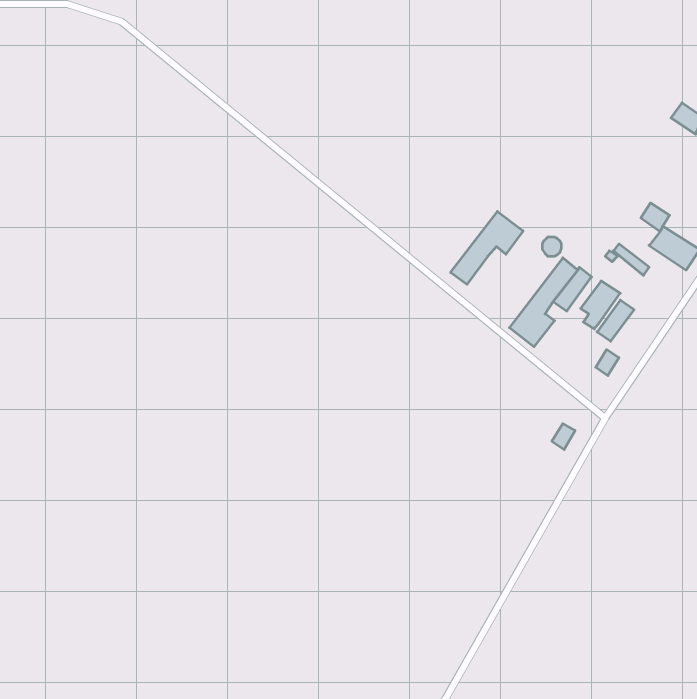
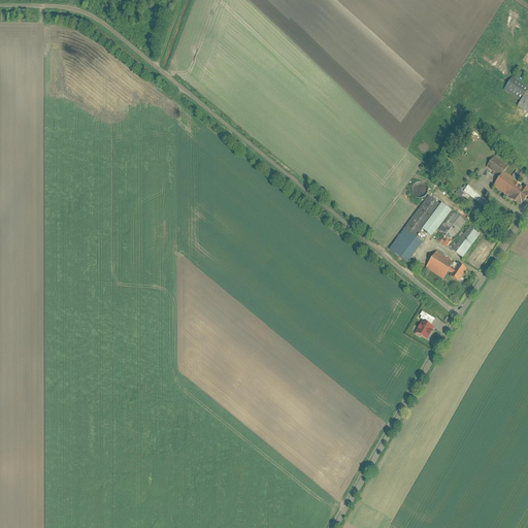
building: [451,211,523,284] -> none
building: none -> [427,251,455,278]

